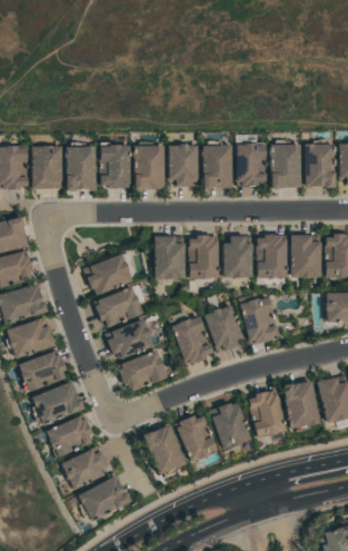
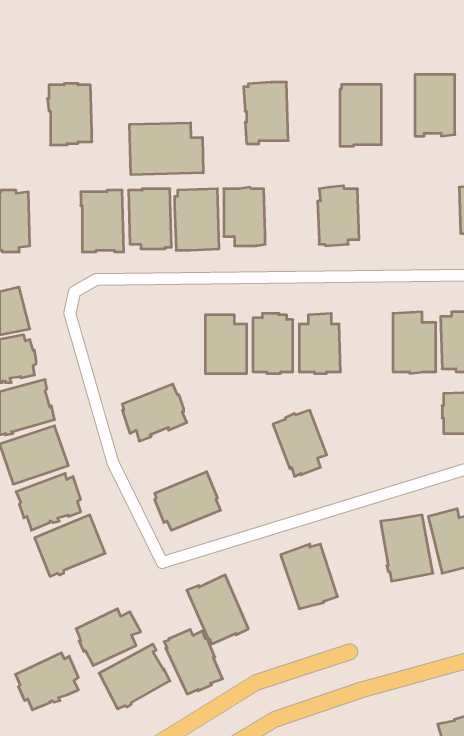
building: none -> [130,123,203,175]
building: [270,144,300,188] -> [340,85,381,146]
building: [305,144,334,188] -> [415,75,455,136]
building: [30,145,62,189] -> [47,83,92,145]
building: [200,145,232,189] -> [244,82,288,144]
building: [256,234,287,278] -> none
building: [83,253,133,295] -> none
building: [239,296,278,344] -> none
building: [171,316,212,365] -> none
building: [106,318,153,358] -> none
building: [247,391,285,436] -> none
building: [175,414,217,461] -> [164,629,223,694]
building: [46,415,91,456] -> [15,653,78,710]

